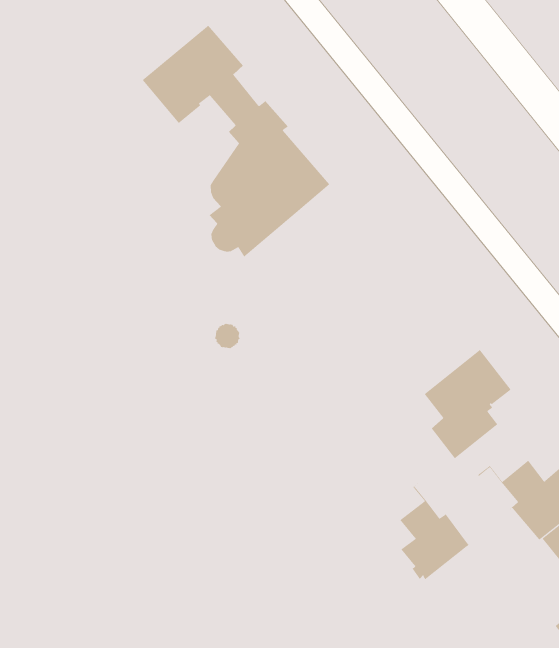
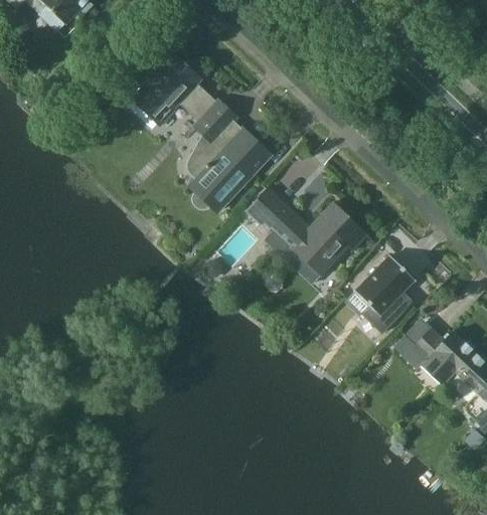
building: none -> [245,187,365,275]
building: [400,477,474,580] -> none

